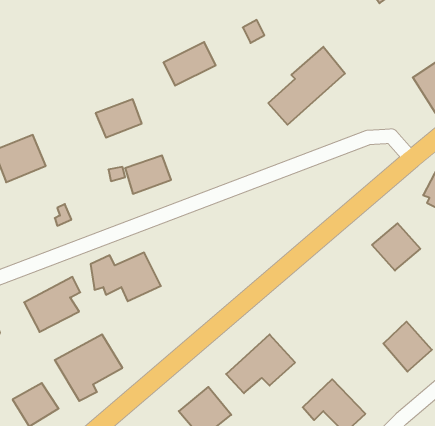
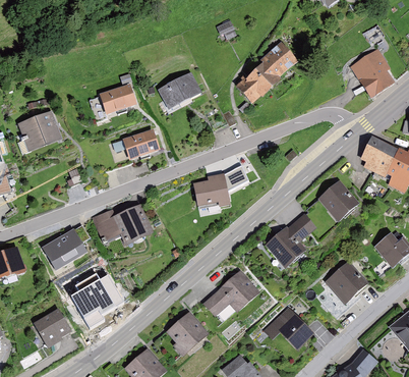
building: [163,42,216,86] -> [158,71,199,106]
building: none -> [194,173,228,205]
building: none -> [265,214,314,266]

